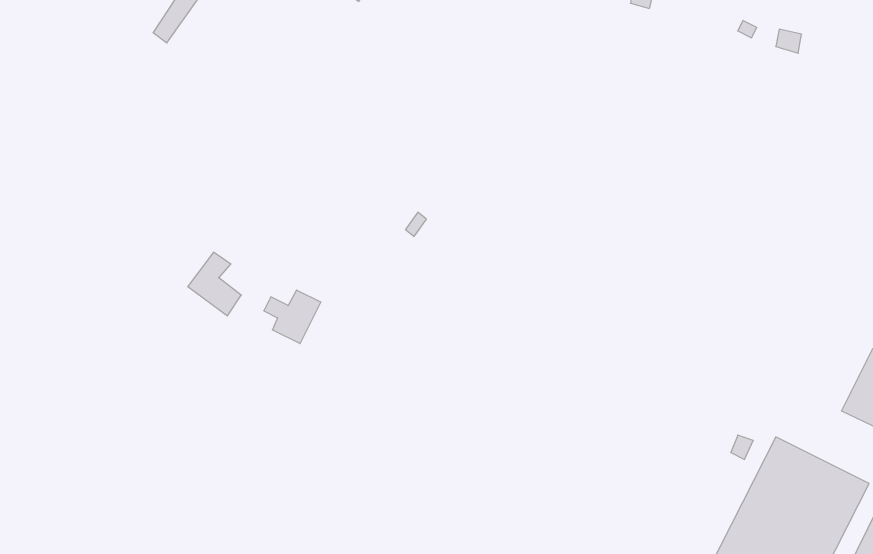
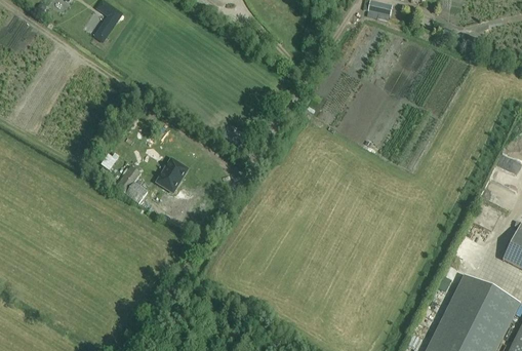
building: none -> [157,159,187,192]

